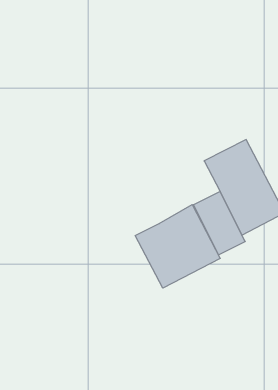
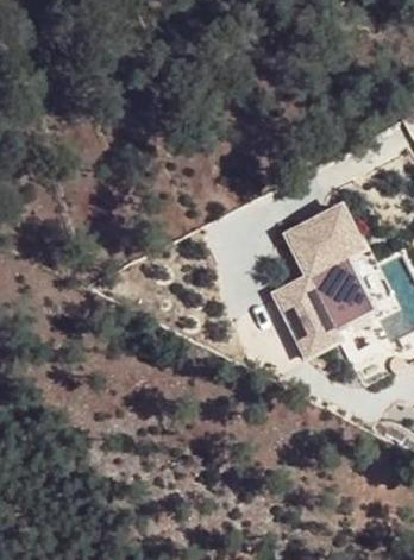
building: [135,205,220,288] -> none

